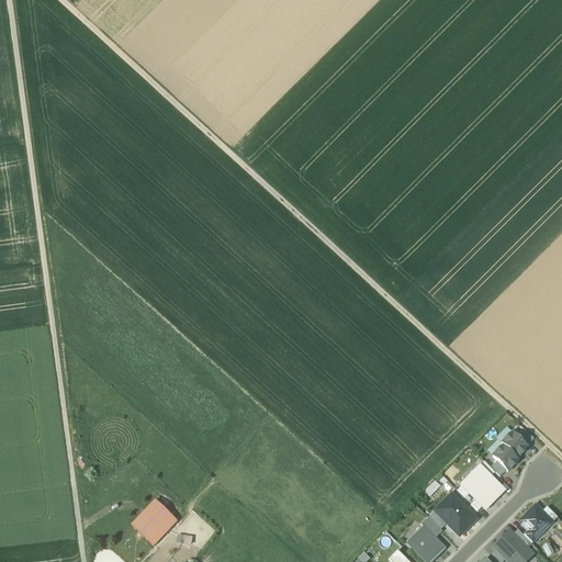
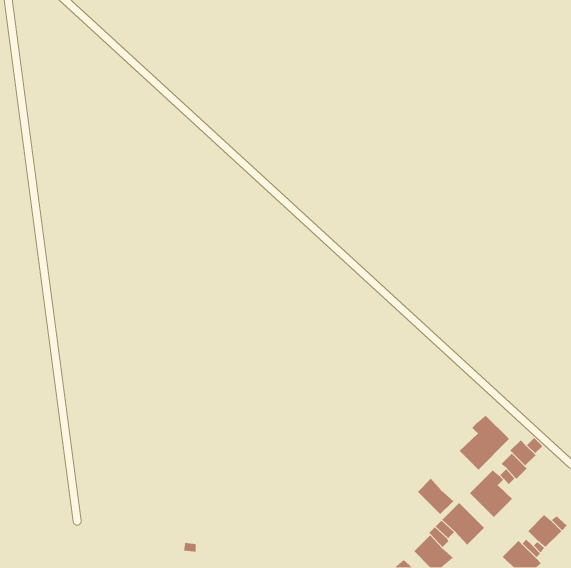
building: none -> [459,415,510,470]
building: none -> [417,478,454,515]
building: [132,502,176,544] -> none

